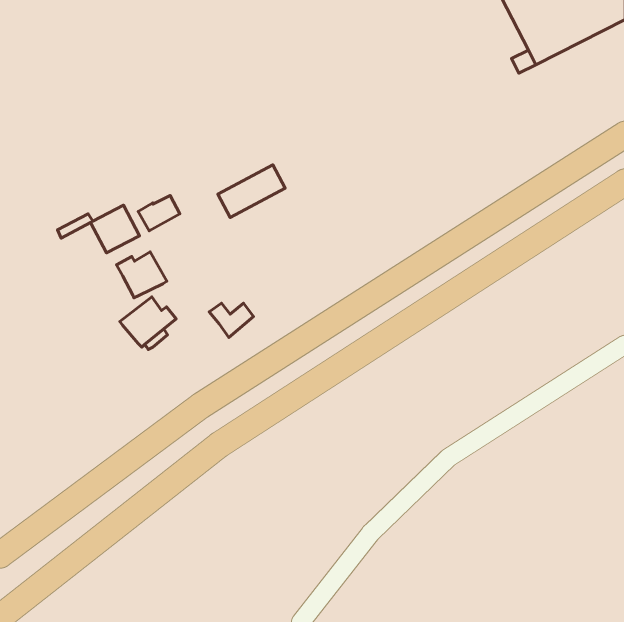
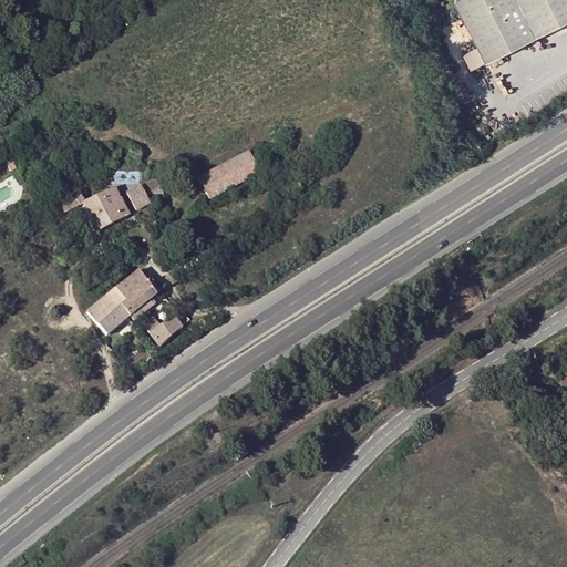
building: [117,252,167,298] -> none
building: [209,303,253,337] -> [142,313,182,344]
building: none -> [87,291,130,333]

